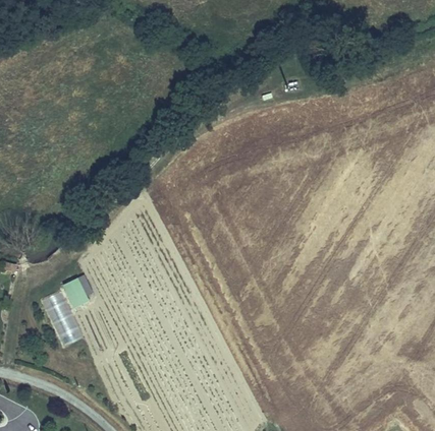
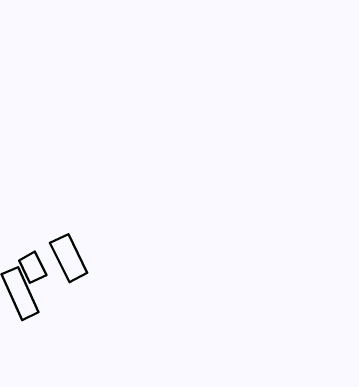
building: none -> [50,234,87,282]

